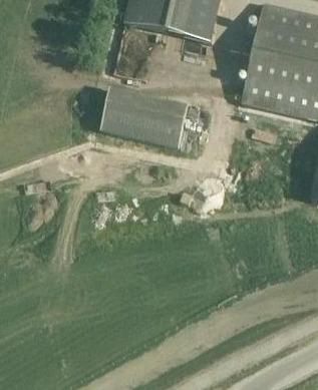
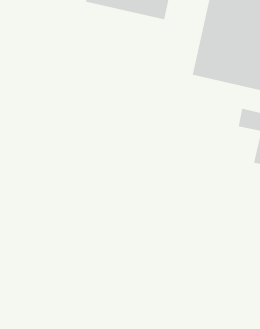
building: [103,86,192,148] -> none

